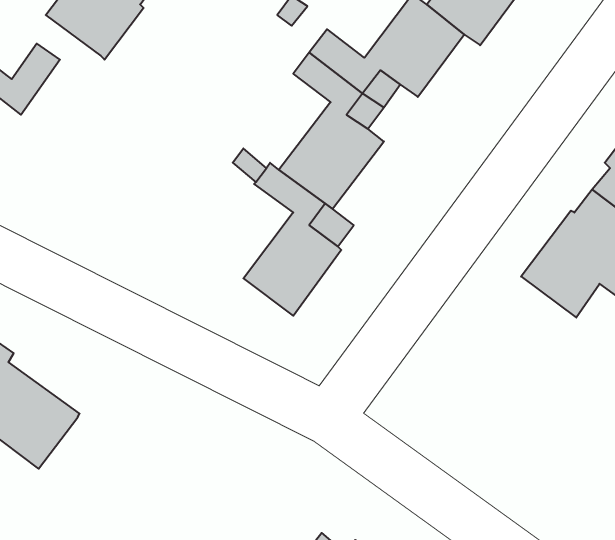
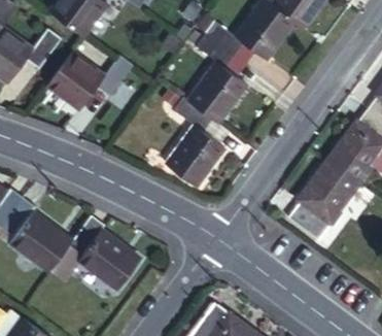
building: none -> [44,34,132,111]
building: none -> [287,162,357,240]
building: none -> [46,212,140,285]

